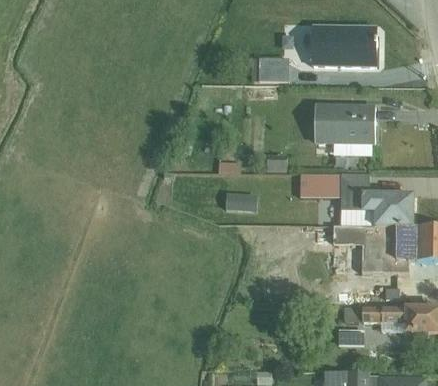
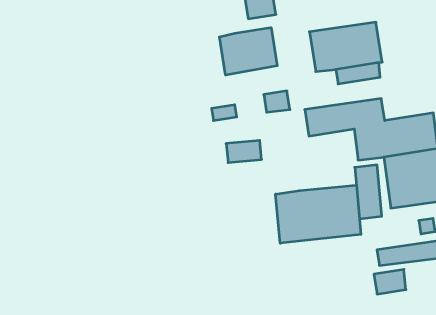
building: none -> [219,28,277,75]
building: none -> [276,185,361,243]

